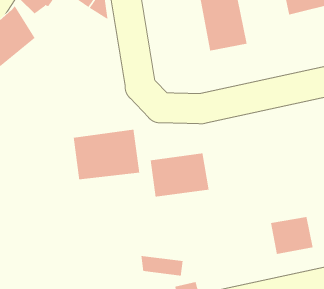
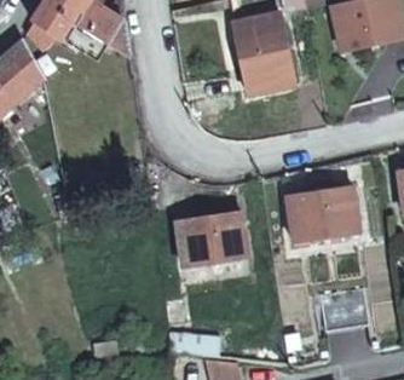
building: [73,129,140,180] -> none
building: none -> [287,185,358,242]

